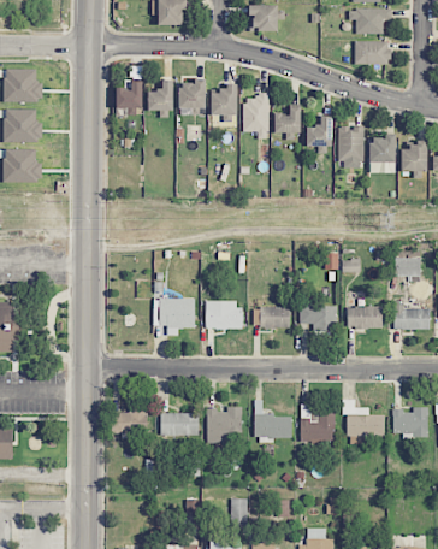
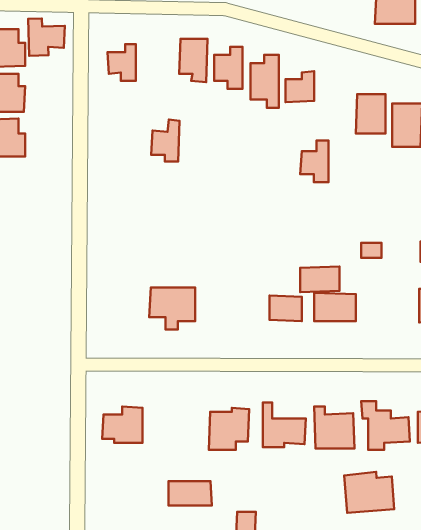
building: none -> [28,18,65,56]
building: [147,79,172,117] -> [151,120,180,161]
building: [306,116,331,153] -> [300,140,329,182]
building: [205,301,241,329] -> none
building: [347,306,381,329] -> [300,266,339,292]
building: [160,413,199,435] -> [169,481,212,505]
building: none -> [344,472,394,513]

